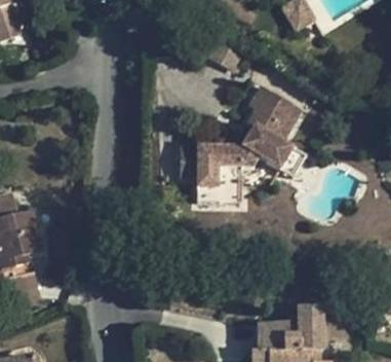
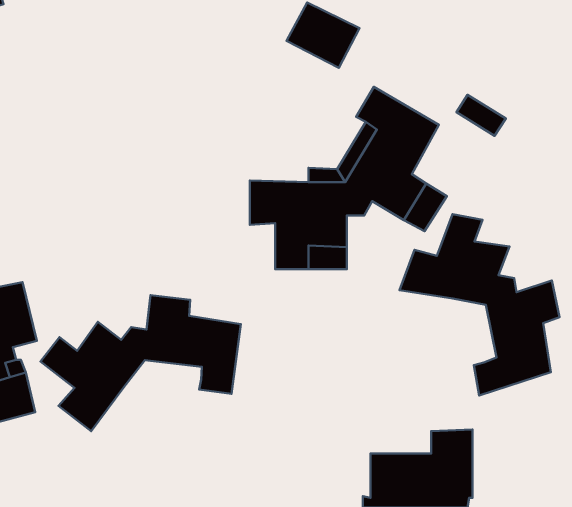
building: none -> [399,214,559,395]
building: none -> [40,295,241,431]

